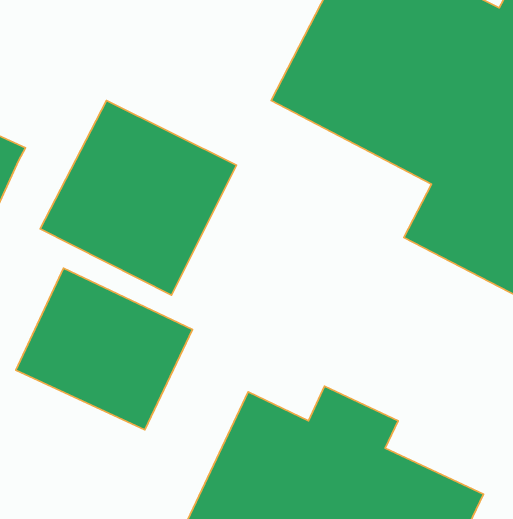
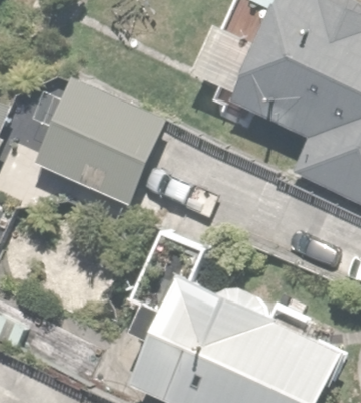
building: [16,268,193,430] -> none

